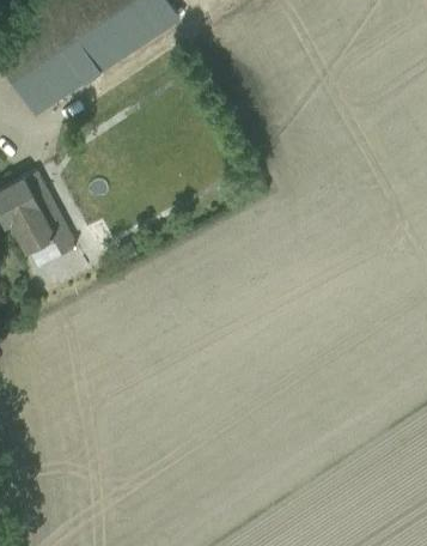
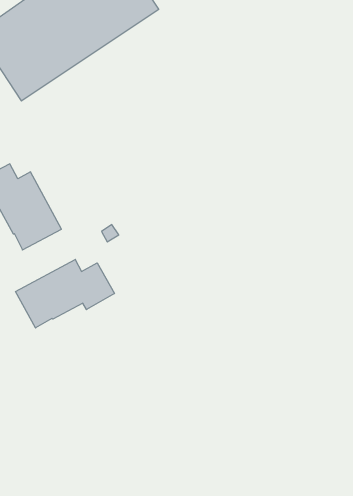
building: none -> [16,259,114,328]

